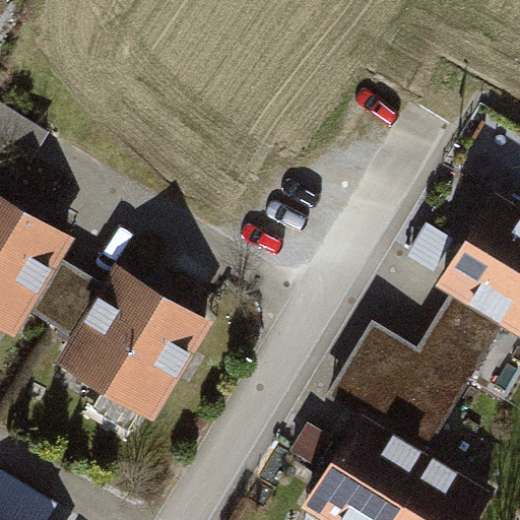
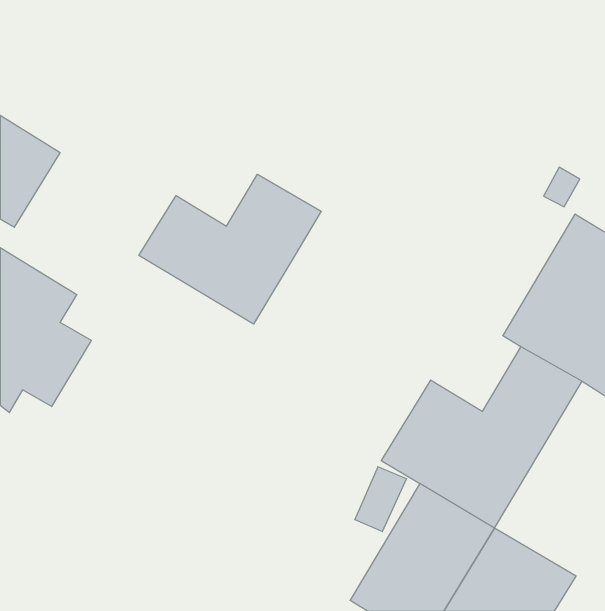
building: none -> [139,174,321,324]
building: [52,278,225,437] -> none

